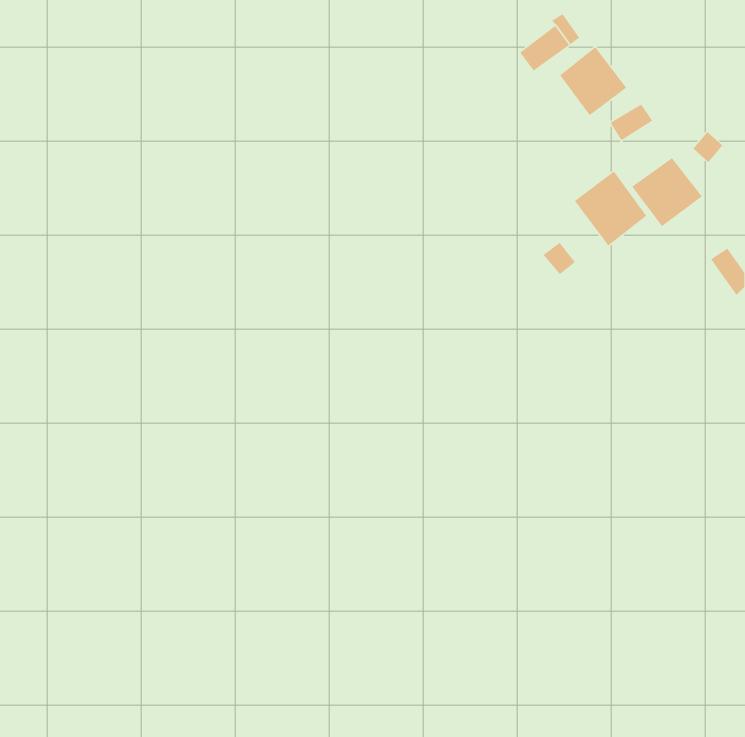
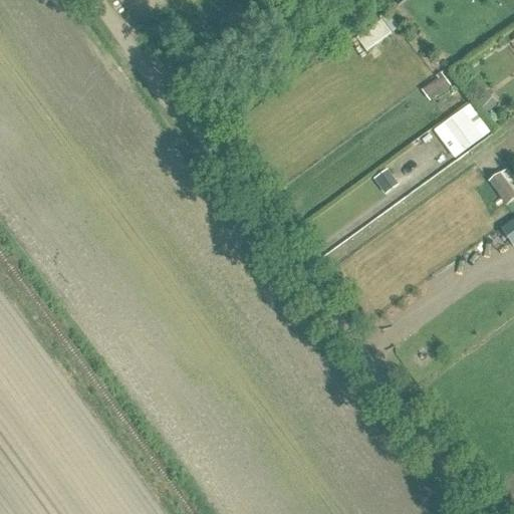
building: [559,46,627,116] -> none
building: [574,170,647,247] -> none

